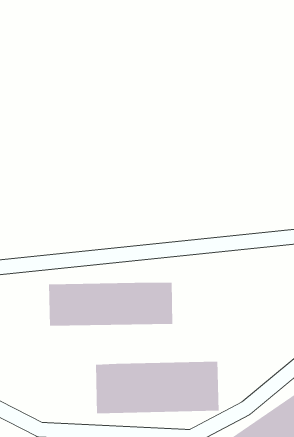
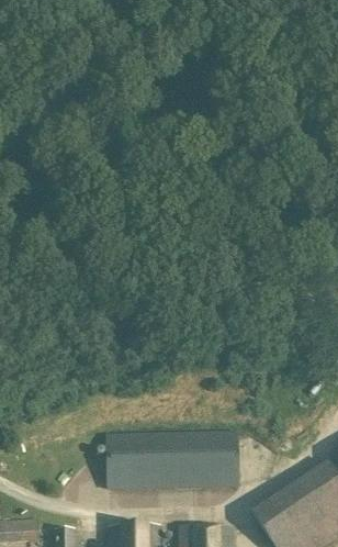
building: [48,282,173,326] -> none

